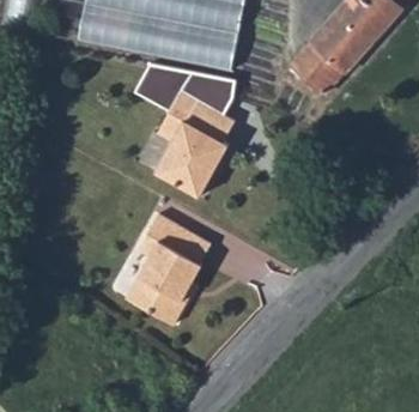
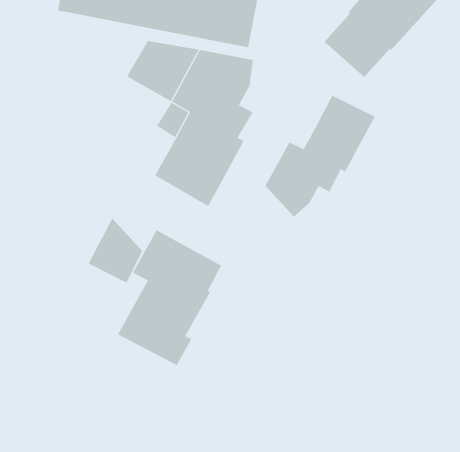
building: none -> [265,95,375,218]
building: none -> [88,218,143,284]

